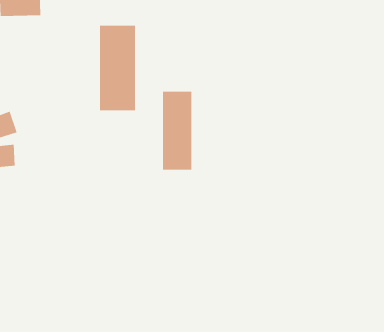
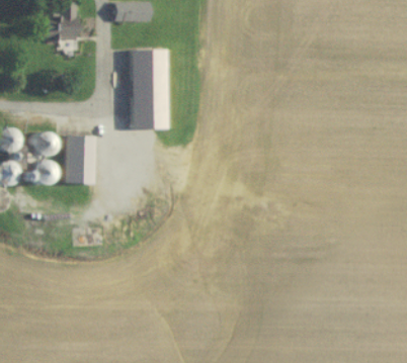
building: [163,91,192,170] -> none
building: none -> [68,135,95,183]

